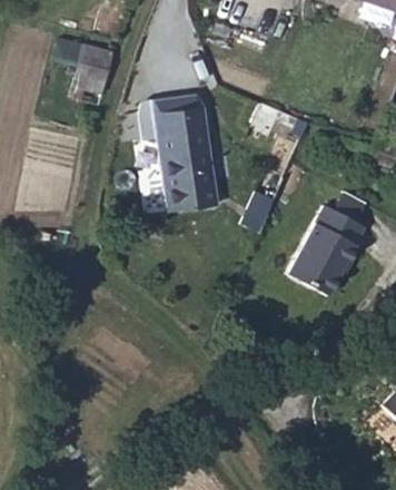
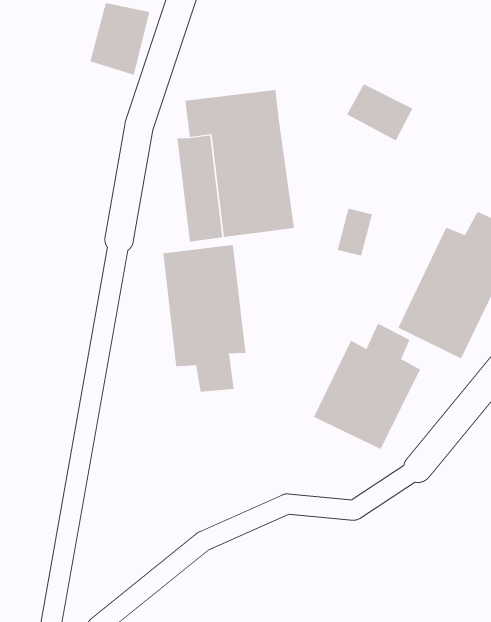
building: none -> [163,244,246,393]
building: none -> [313,323,421,450]

